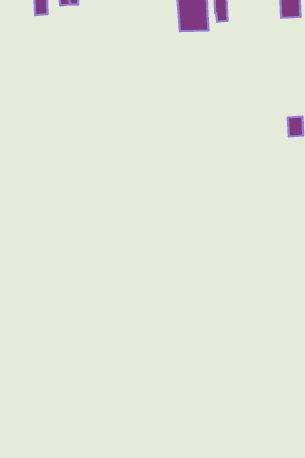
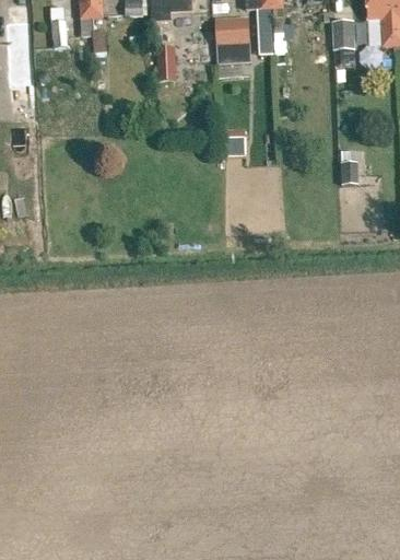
building: none -> [157,47,176,80]

